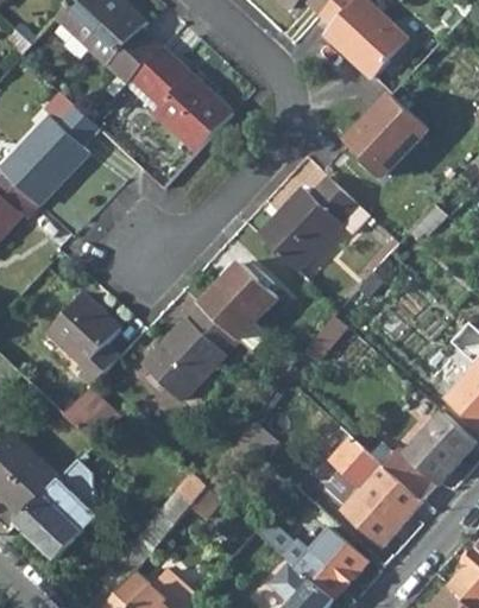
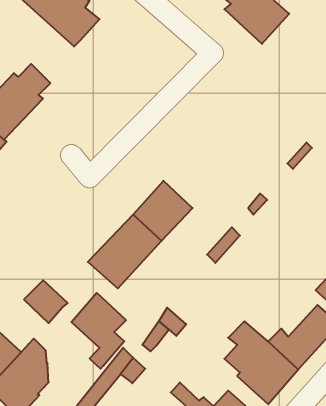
building: [135,45,232,150] -> none
building: [346,93,428,175] -> none
building: [259,173,358,268] -> none
building: [45,290,116,388] -> [71,293,126,369]

